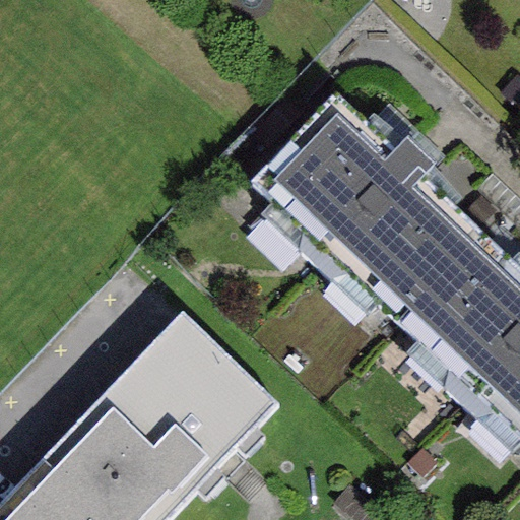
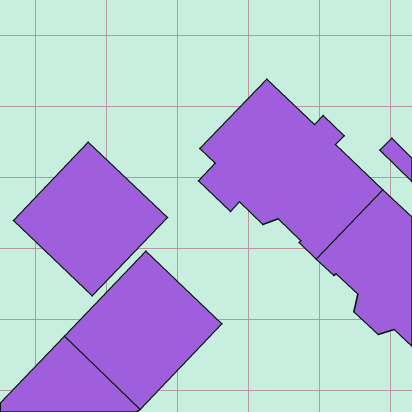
building: none -> [14,142,167,296]

